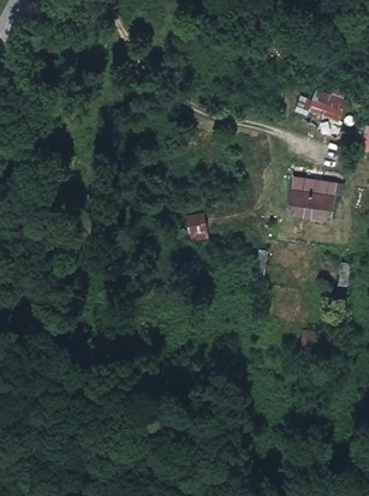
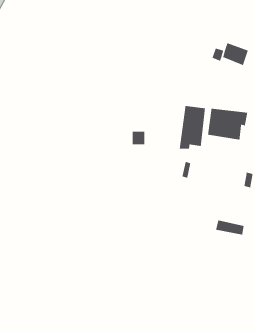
building: none -> [179,105,206,150]

